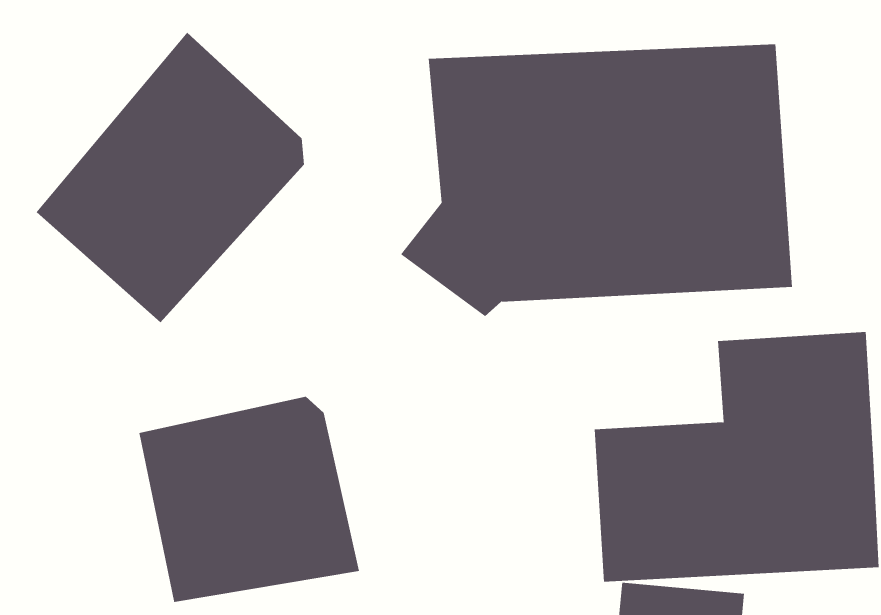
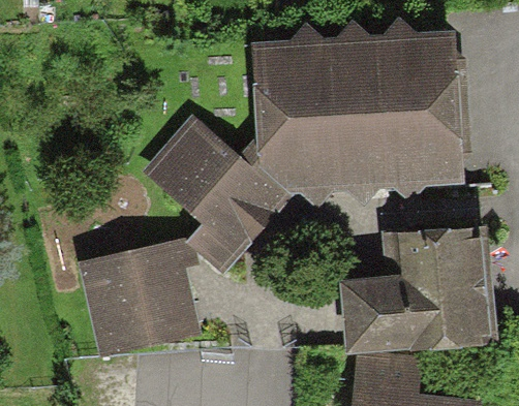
building: [36,32,305,323] -> none
building: none -> [138,124,280,273]

